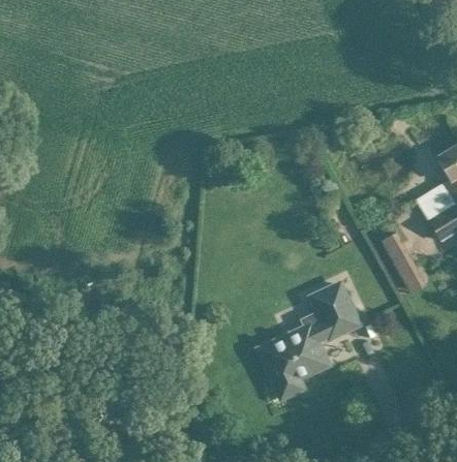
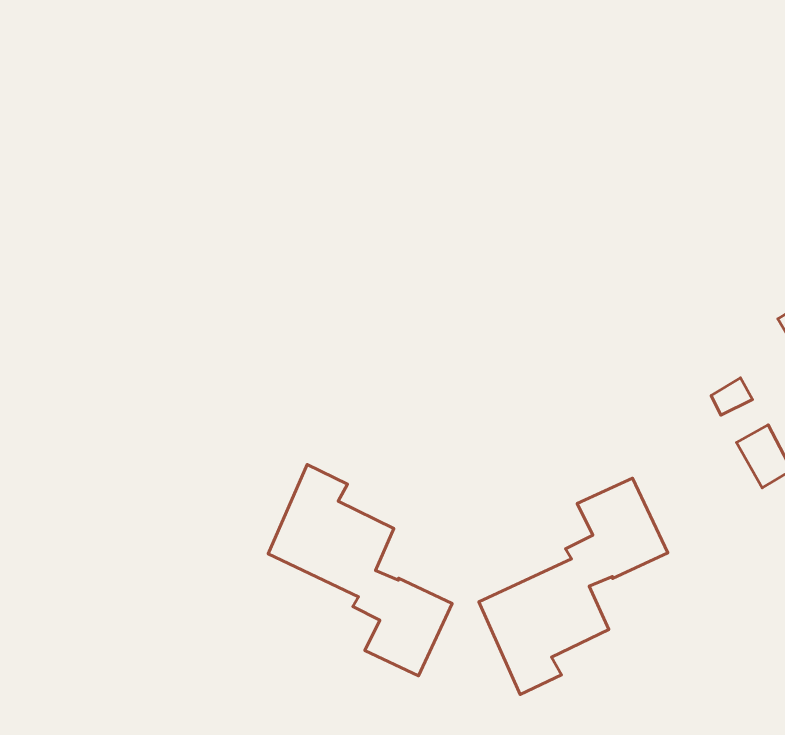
building: none -> [268,465,452,676]

